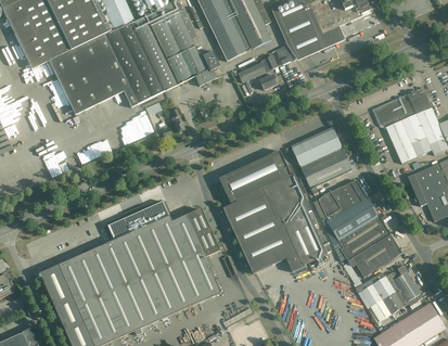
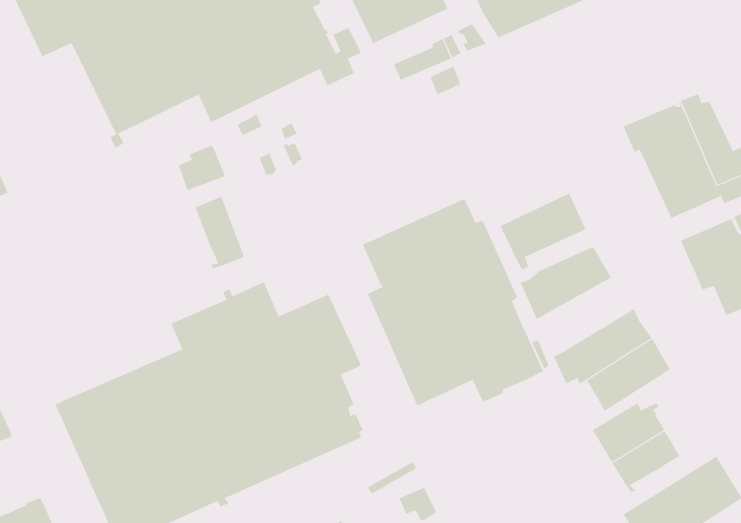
building: [292,127,343,167] -> none
building: none -> [195,196,245,269]
building: [323,197,381,244] -> none
building: [393,265,423,305] -> none

